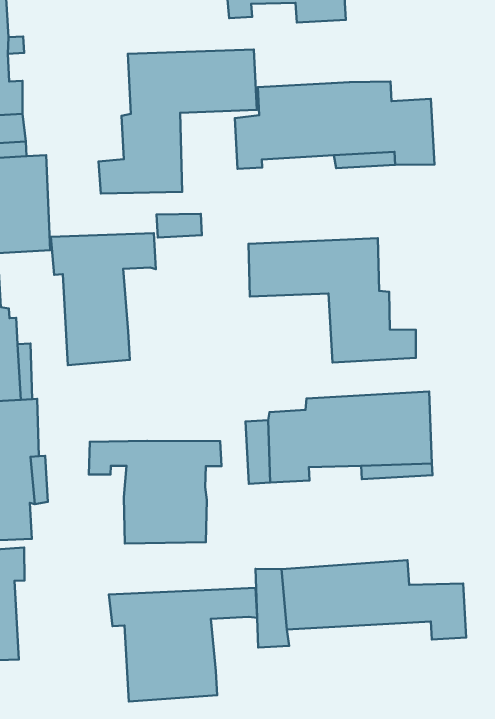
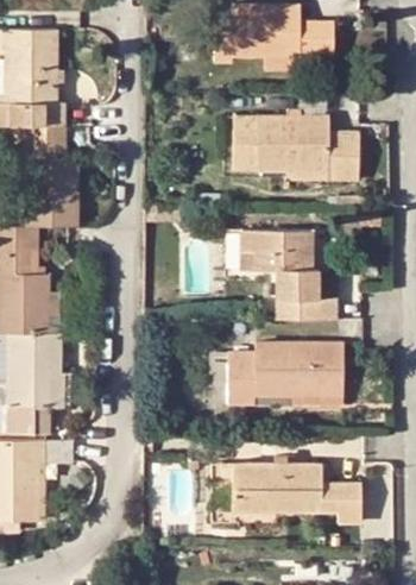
building: [98,50,257,193] -> none
building: [51,233,156,365] -> none
building: [89,441,222,543] -> none
building: [109,588,257,702] -> none

